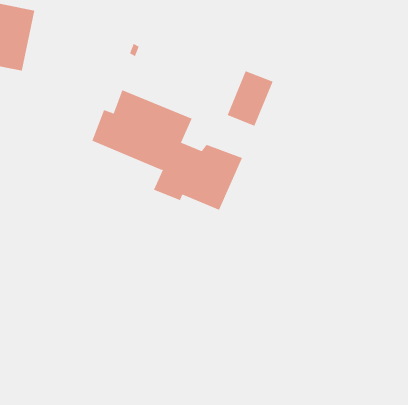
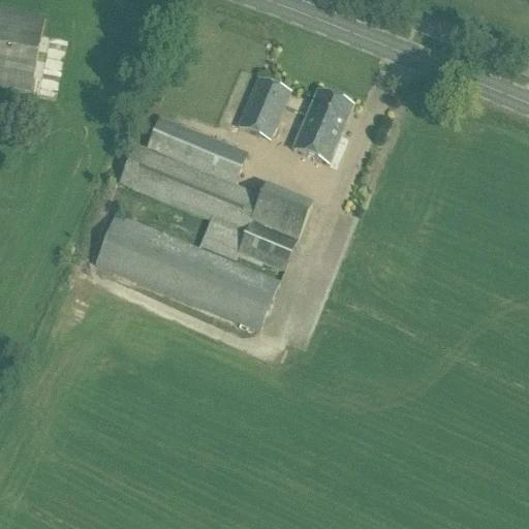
building: none -> [236,75,291,141]
building: none -> [94,213,279,331]

